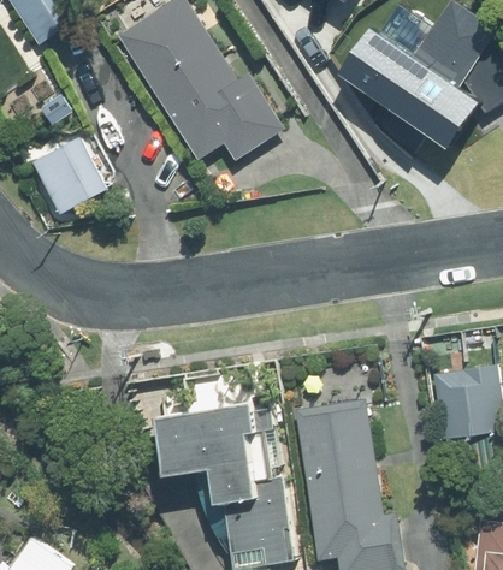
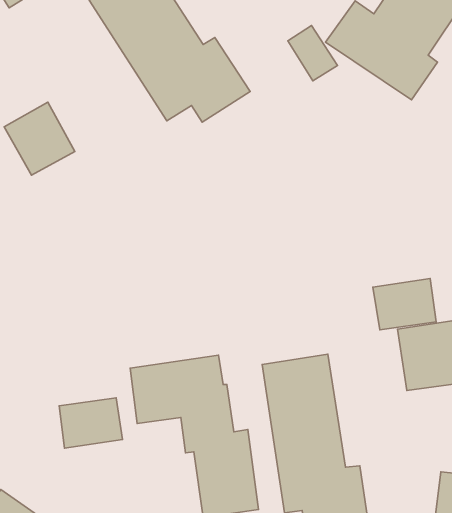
building: none -> [373,278,436,330]
building: none -> [59,398,122,448]

